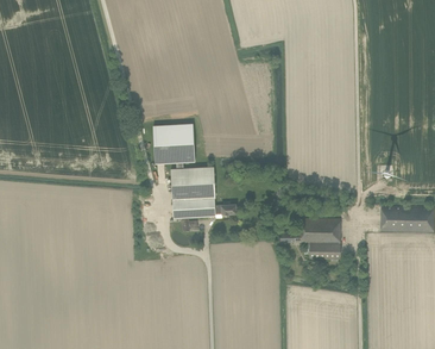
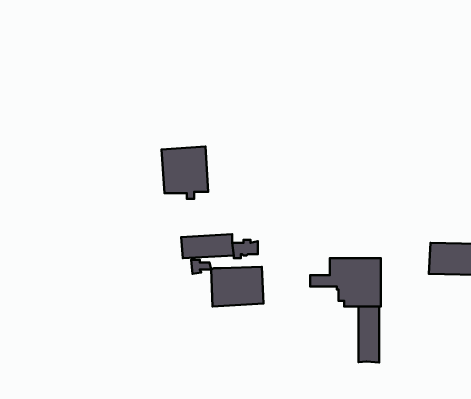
building: [171,167,215,200] -> [211,267,263,306]
building: none -> [358,306,379,362]

